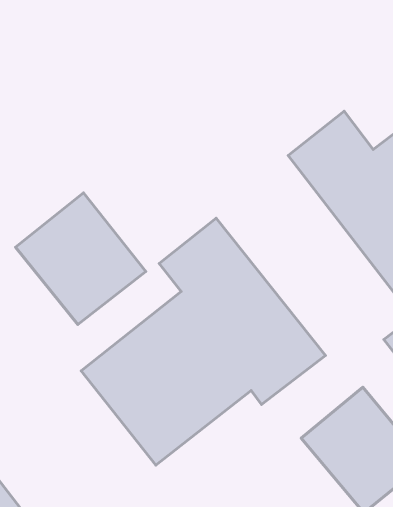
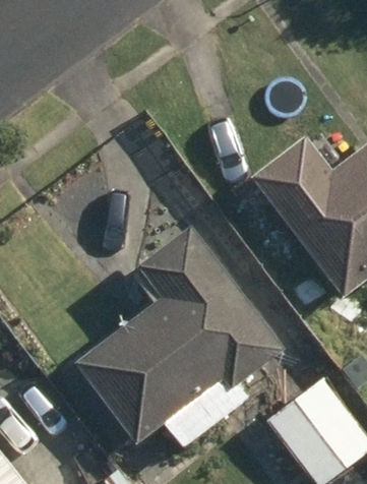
building: [15,193,146,324] -> none

